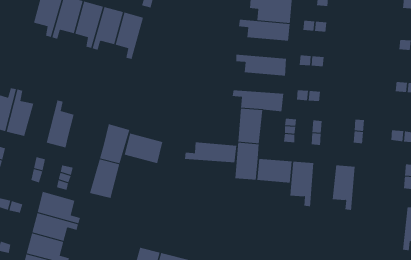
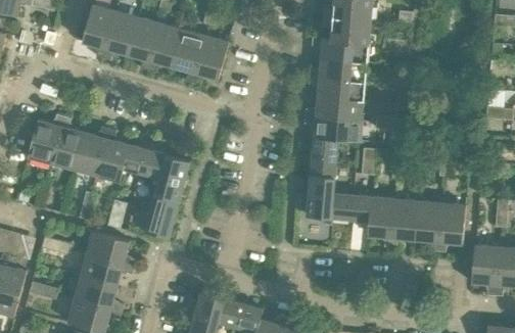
building: none -> [192,36,228,85]
building: none -> [308,58,367,82]
building: none -> [73,126,108,176]
building: [124,133,163,164] -> [122,144,166,179]
building: [184,142,237,163] -> [305,97,364,121]
building: none -> [391,198,419,248]
building: none -> [437,202,465,252]
building: none -> [471,244,499,295]

